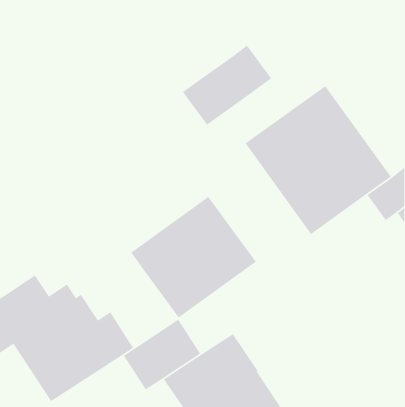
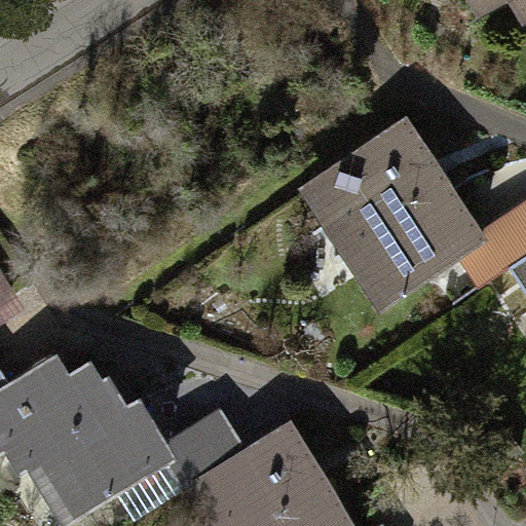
building: [182,45,272,126] -> none
building: [130,196,257,319] -> none

